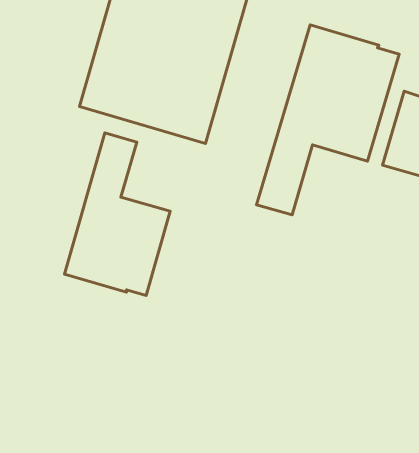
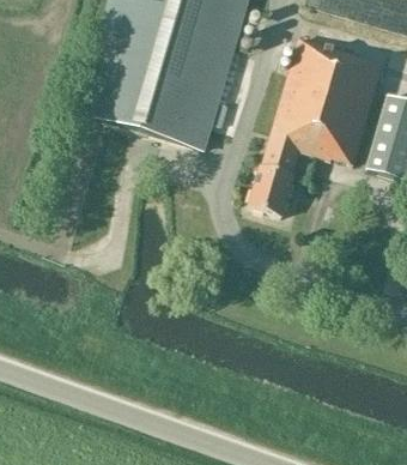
building: [64,133,170,295] -> none

